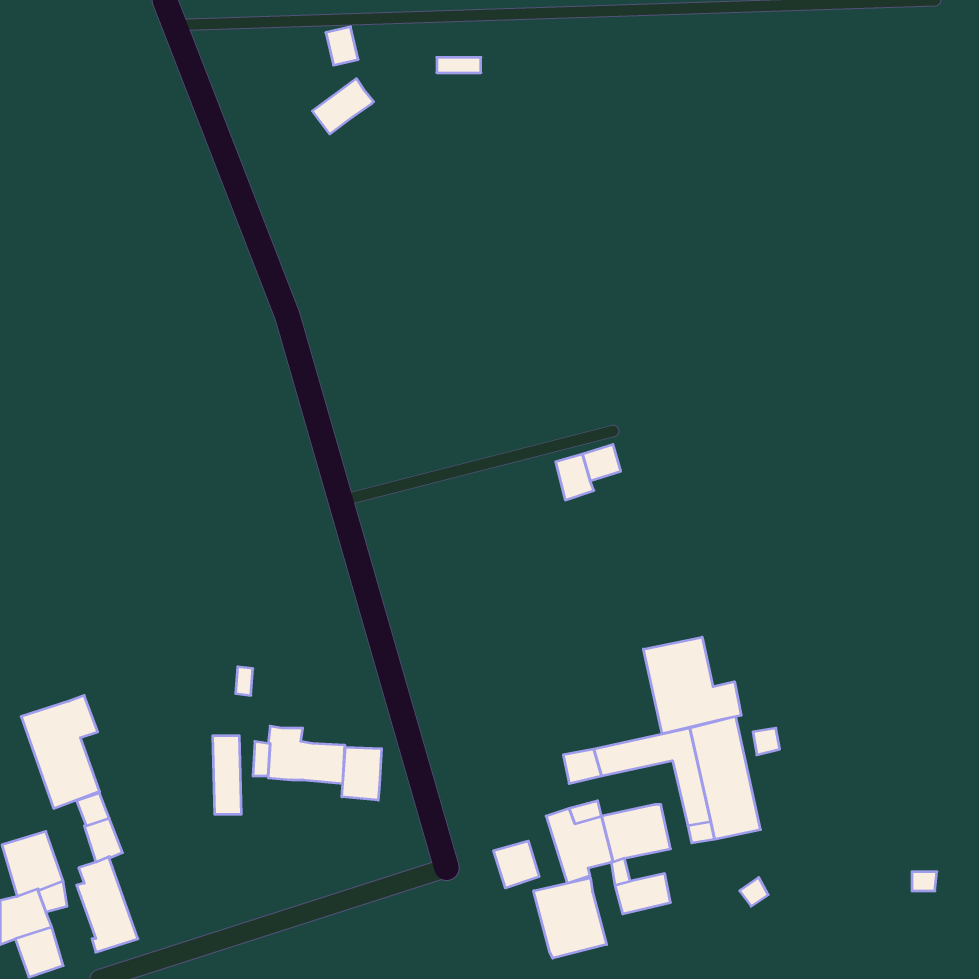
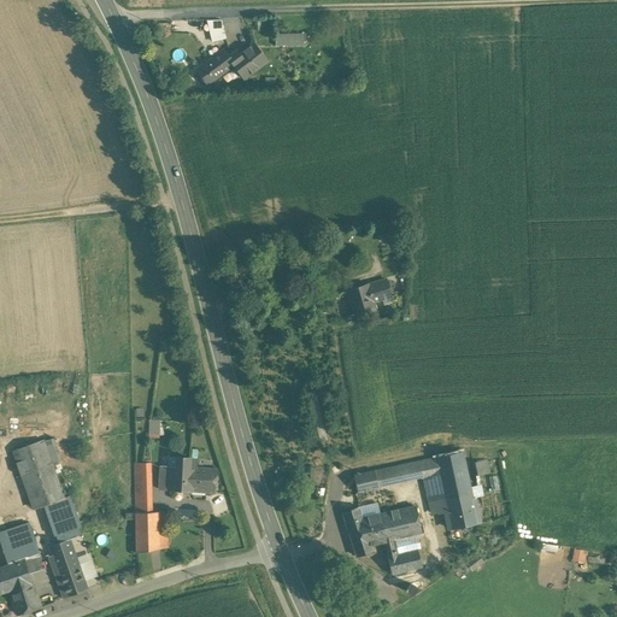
building: none -> [229,43,266,78]
building: [643,637,741,734] -> none
building: [342,747,382,800] -> none
building: none -> [135,512,168,552]
building: [494,841,539,888] -> none
building: [534,878,607,958] -> none

